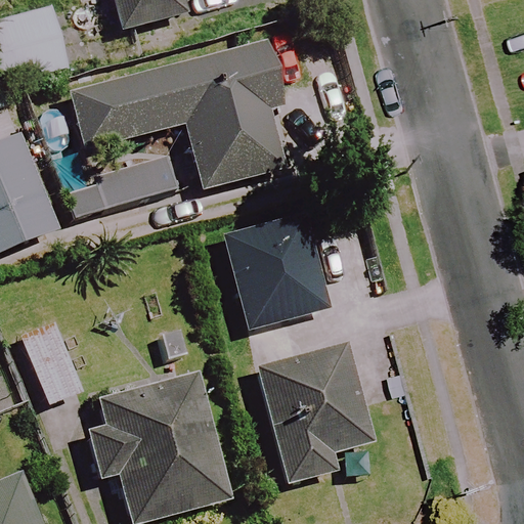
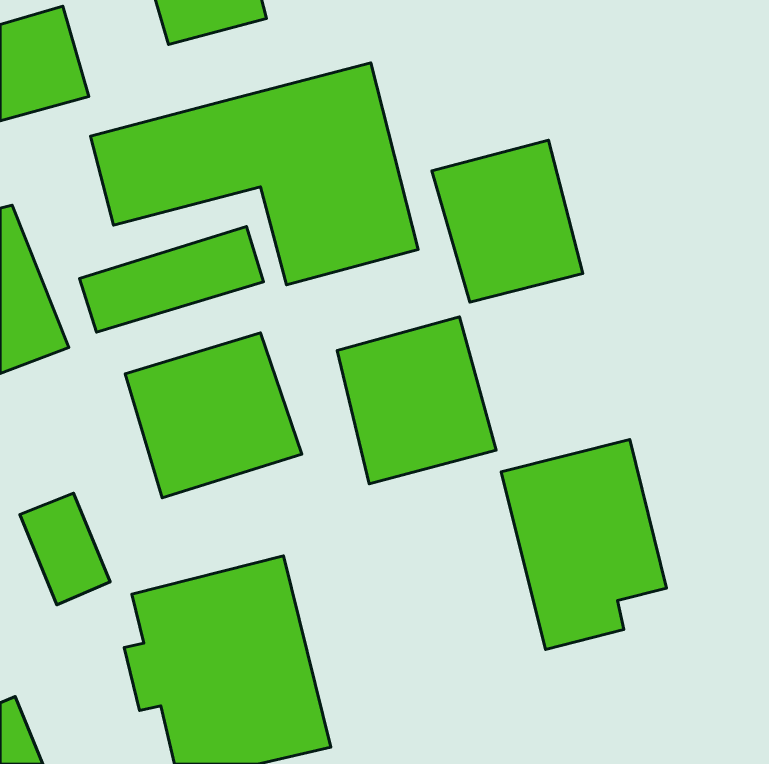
building: none -> [432,140,583,302]
building: none -> [125,333,302,498]
building: [257,344,367,484] -> [501,440,667,649]

